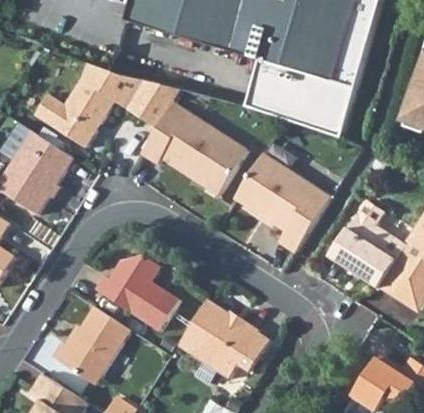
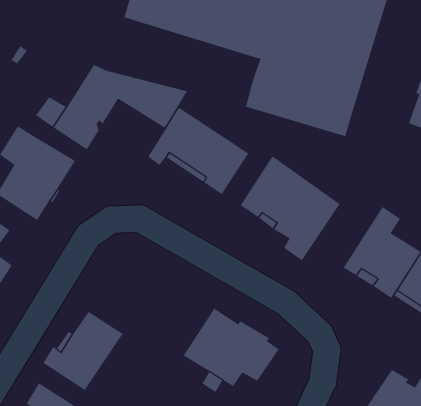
building: [104,259,185,332] -> none

